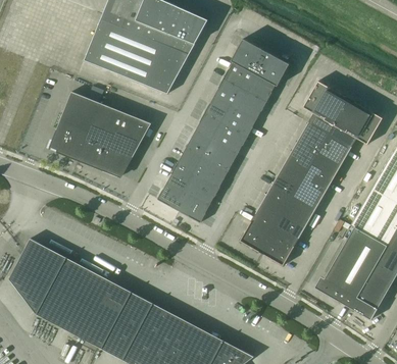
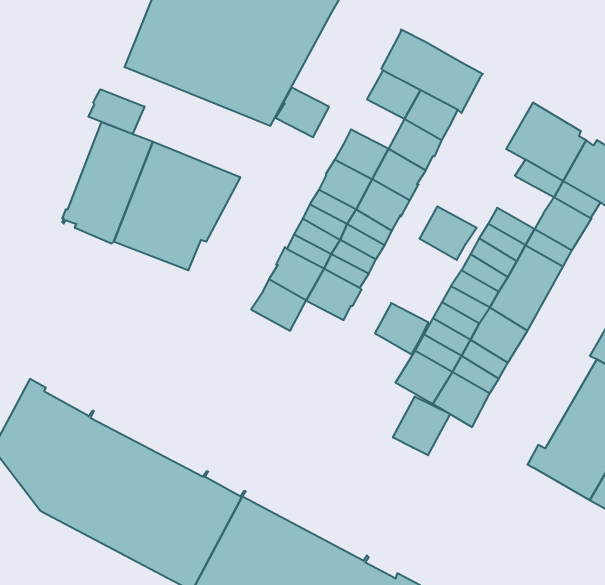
building: none -> [88,89,145,134]
building: [214,79,245,107] -> [276,87,329,137]
building: [298,122,331,153] -> [419,206,477,260]
building: [180,194,210,223] -> [375,303,428,355]
building: none -> [393,396,450,455]

